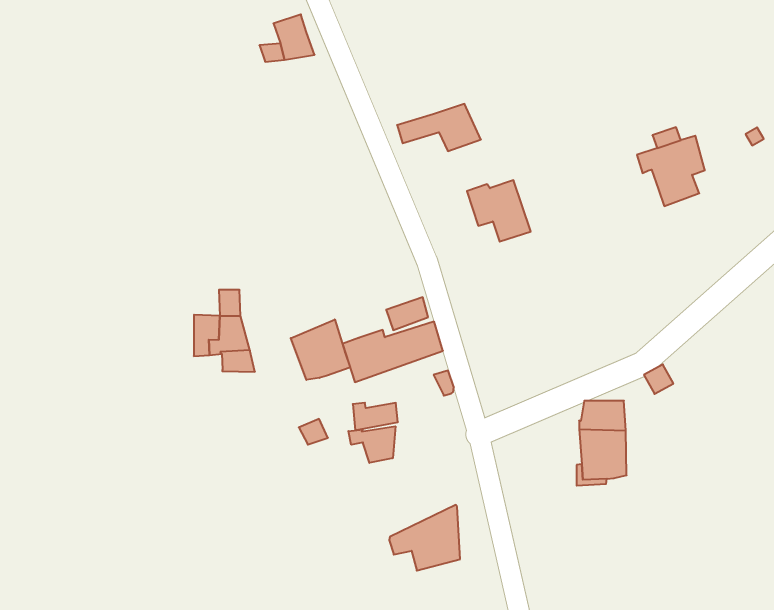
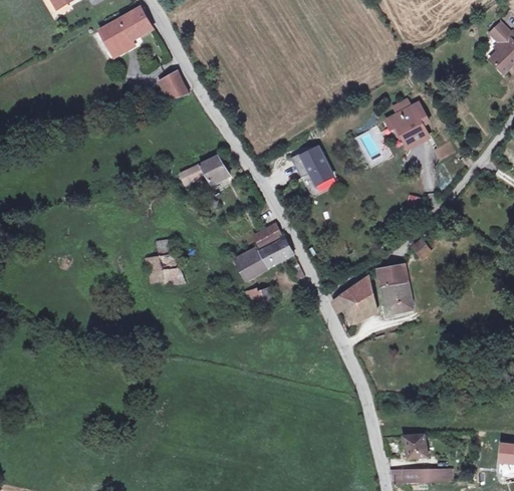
building: [397,104,481,151] -> [180,155,230,184]
building: [291,319,350,380] -> none
building: [348,426,395,463] -> none
building: [389,505,460,571] -> [332,276,375,318]

